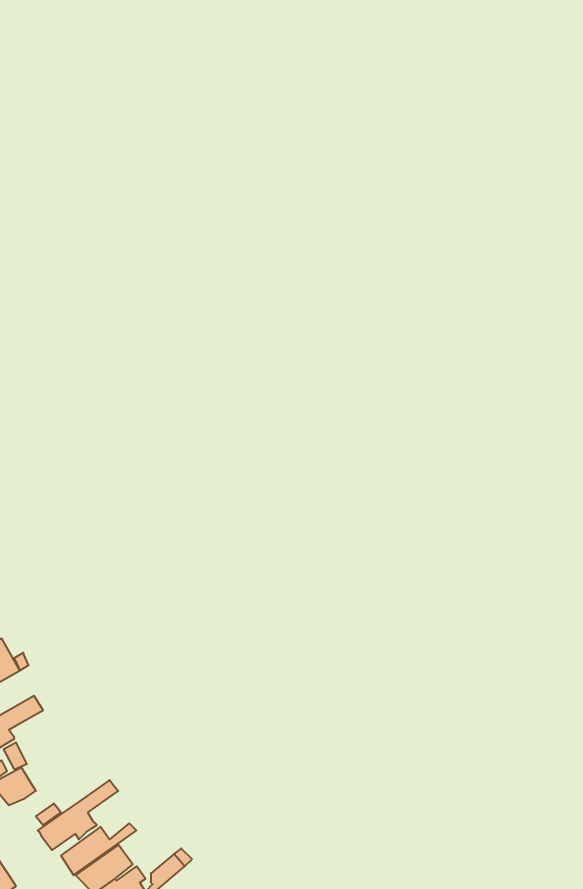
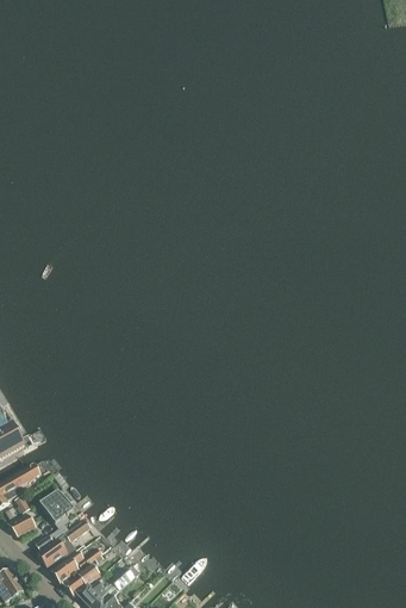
building: none -> [38,490,73,527]

